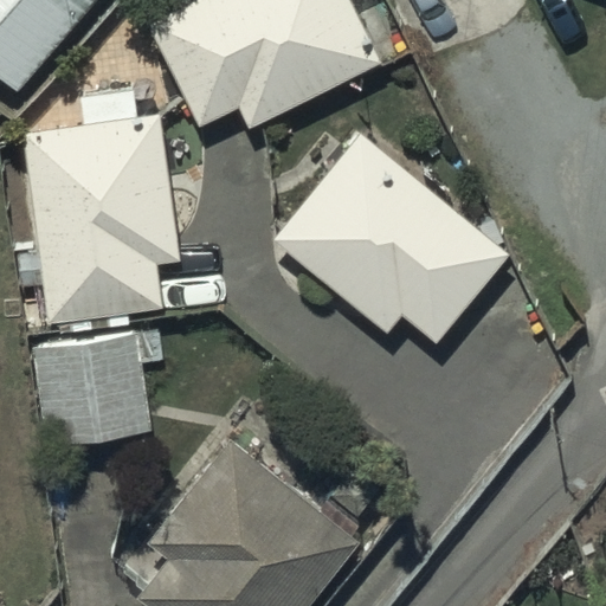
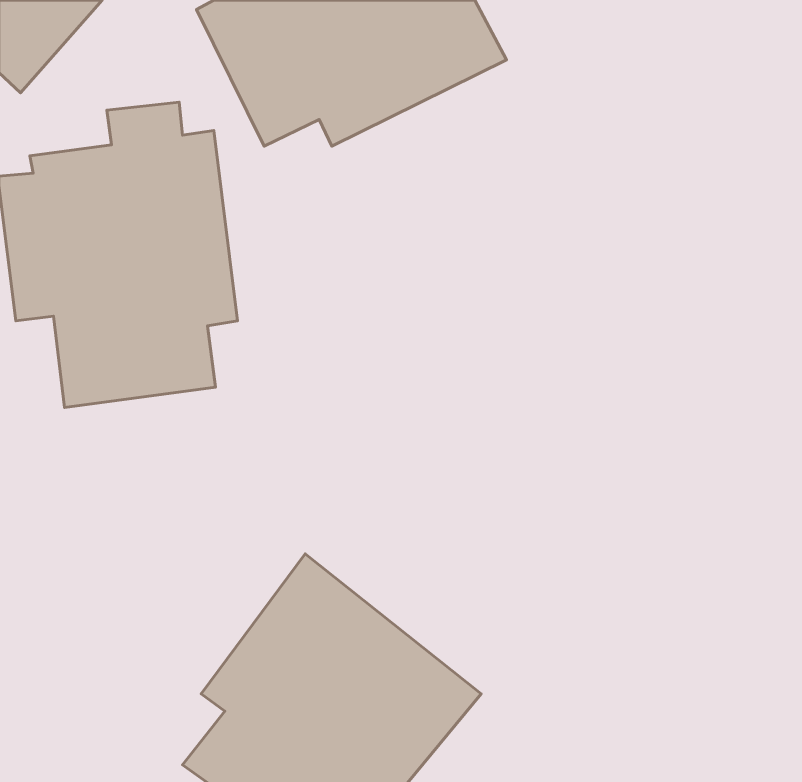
building: [275,133,508,341] -> none
building: [33,334,165,443] -> none

